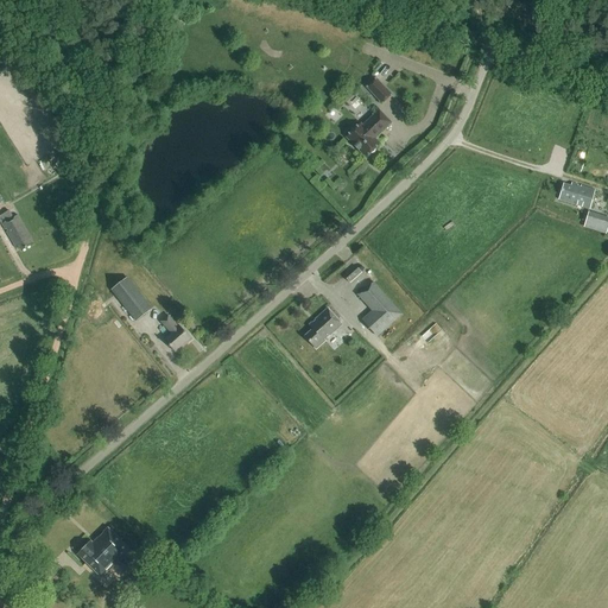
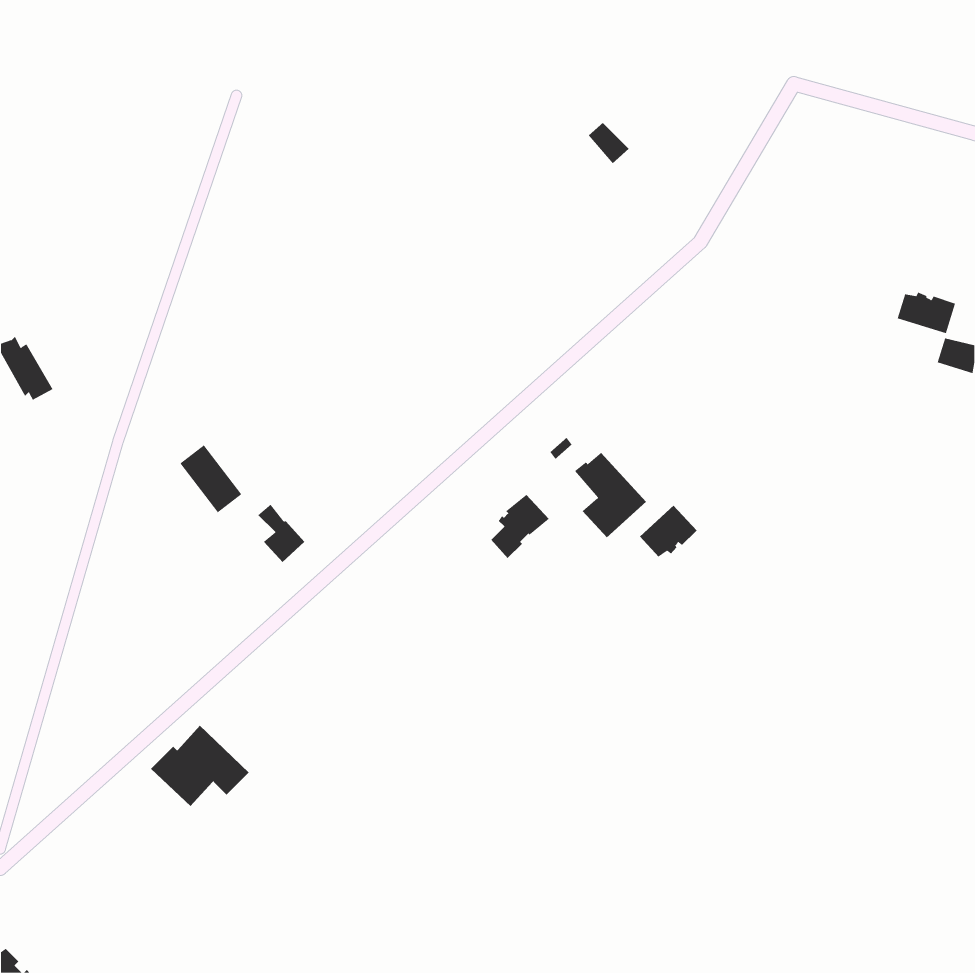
building: [347,109,391,156] -> none
building: none -> [639,505,697,557]
building: [76,525,138,576] -> [150,725,250,807]

